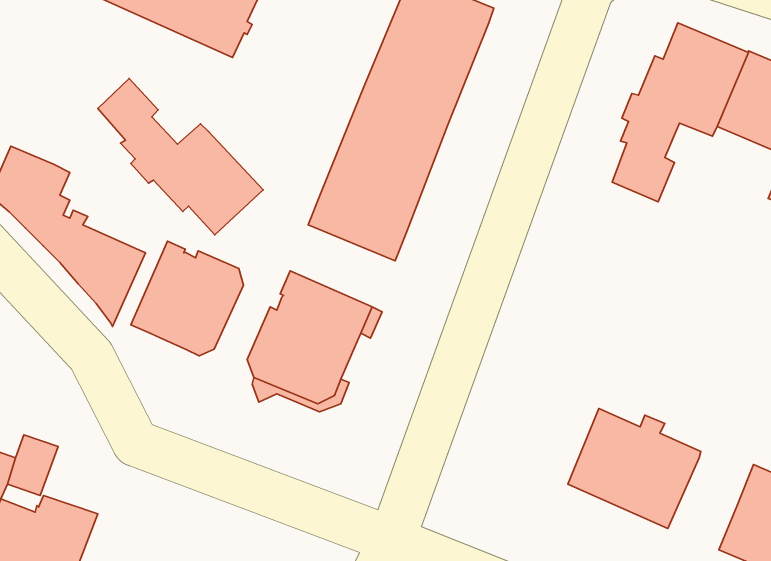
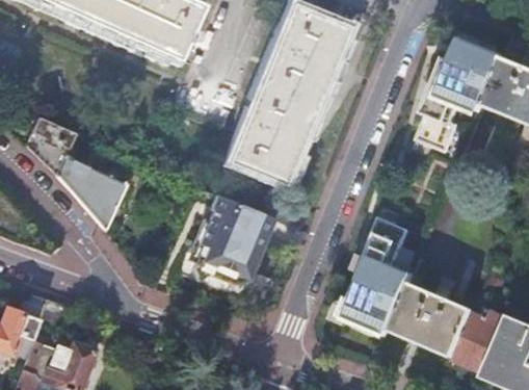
building: [98,79,263,235] -> none
building: [131,241,244,356] -> none
building: none -> [334,219,415,336]
building: none -> [455,314,499,372]

